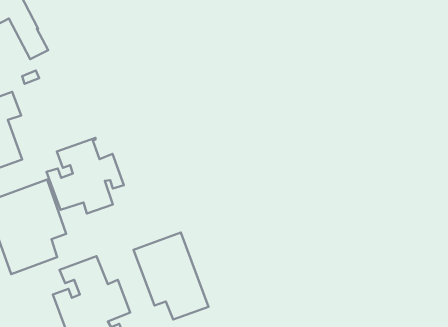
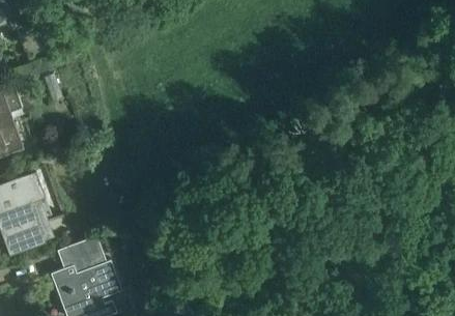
building: [47,138,124,214] -> none
building: [134,233,208,320] -> none

